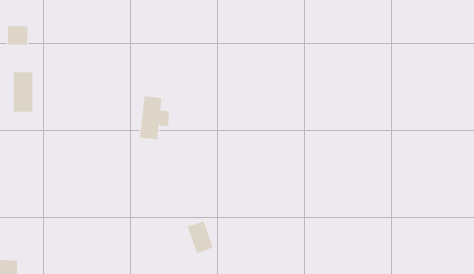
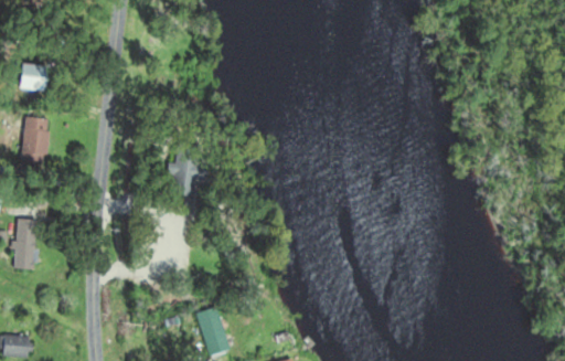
building: none -> [15,219,39,270]
building: [187,221,214,254] -> [195,307,226,346]

